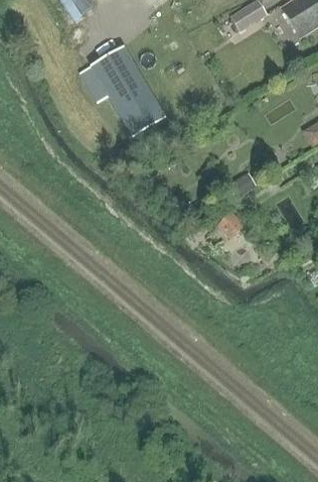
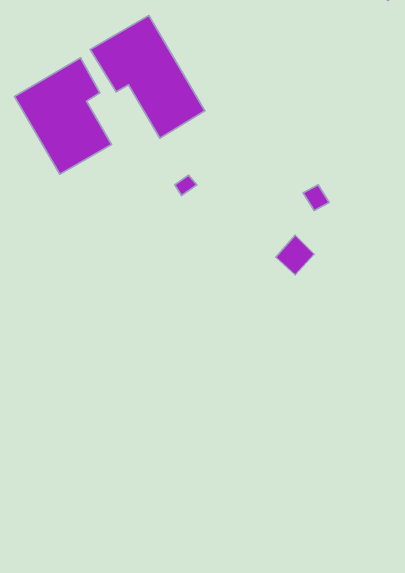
building: none -> [15,58,112,174]

